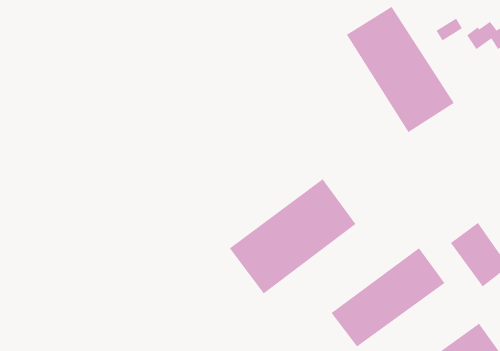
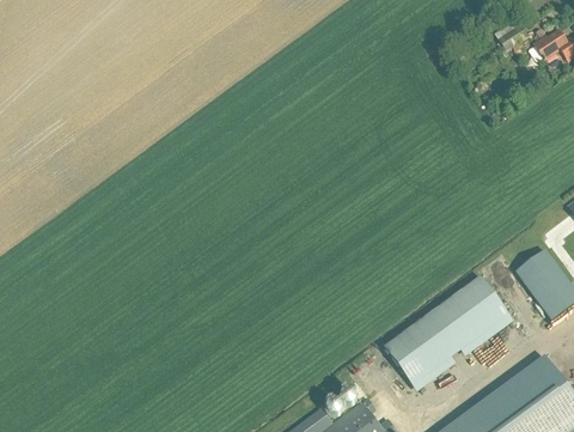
building: [346,6,455,133] -> none
building: [229,178,357,294] -> none

